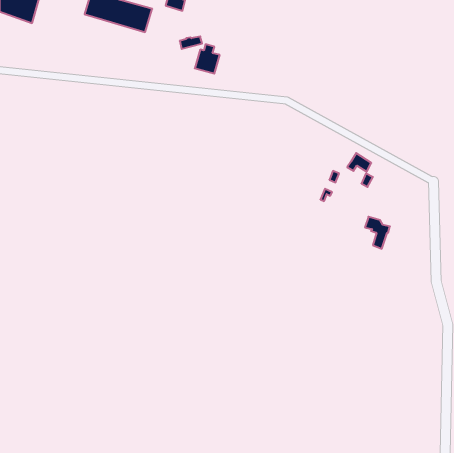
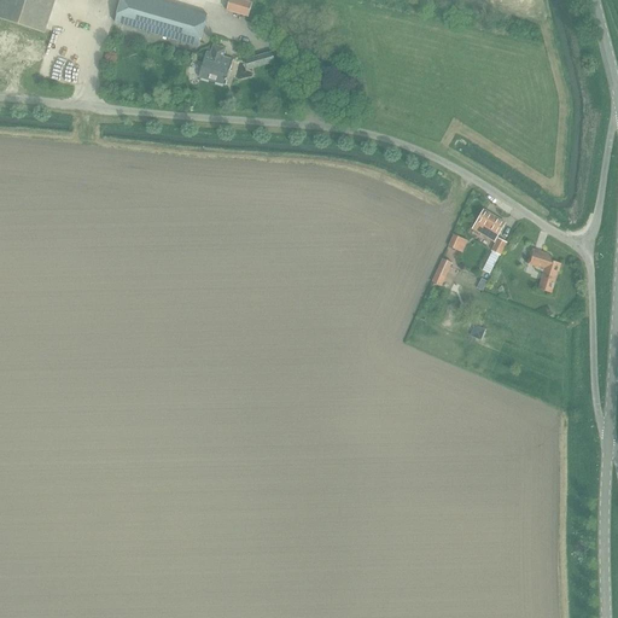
building: [195,44,220,74] -> [198,42,232,82]
building: [365,217,390,249] -> [526,247,560,291]

